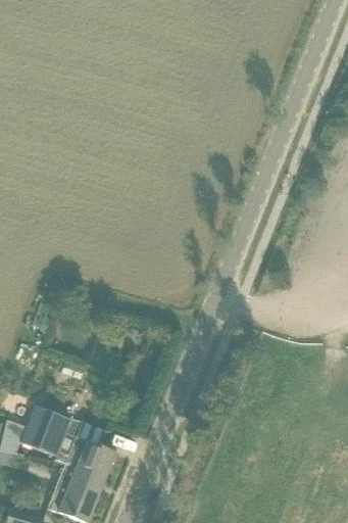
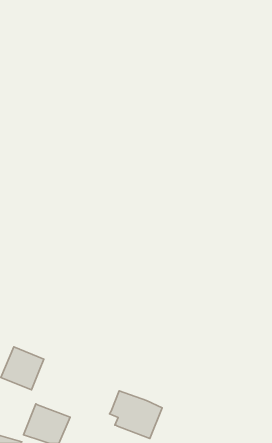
building: [56,433,117,488] -> [110,391,162,438]

